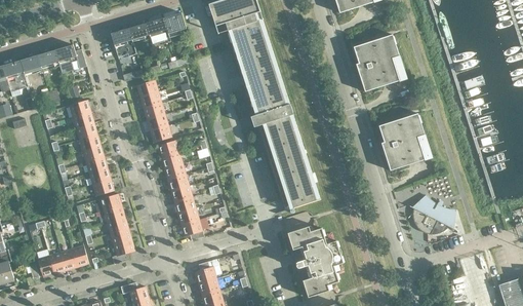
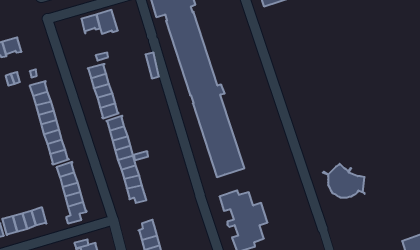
building: [164,12,188,41] -> none
building: [111,28,136,58] -> none
building: [354,34,405,91] -> none
building: [55,44,87,73] -> none
building: [378,113,431,170] -> none

